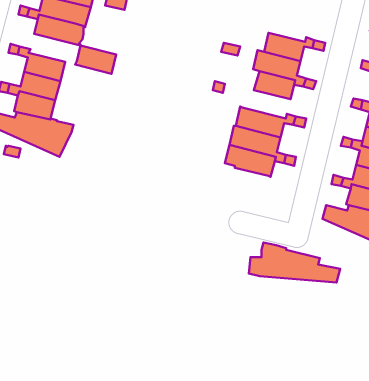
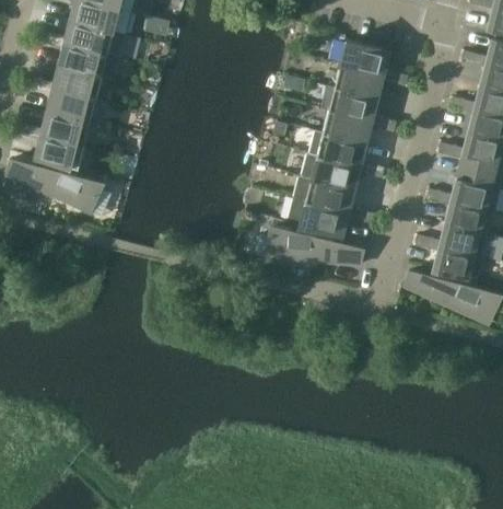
building: none -> [340,41,389,76]
building: [75,46,116,74] -> [52,66,102,100]
building: none -> [308,131,366,167]
building: [249,243,340,283] -> [255,218,364,266]

